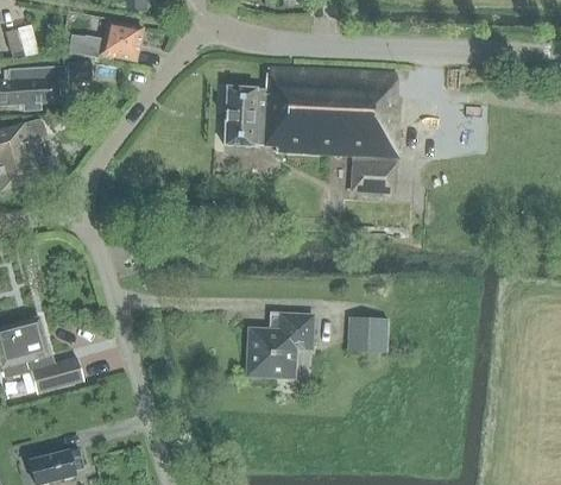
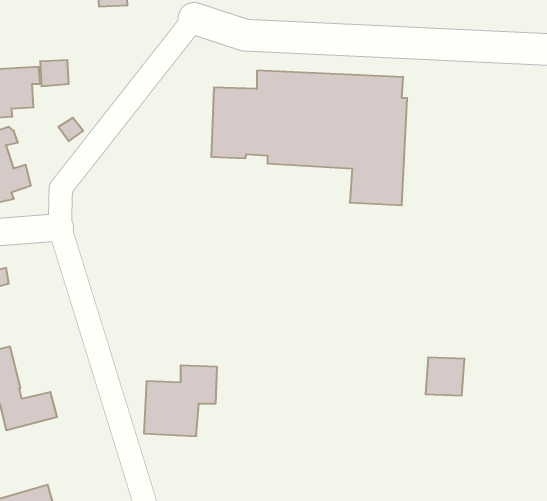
building: [67,18,143,62] -> none
building: [245,313,311,377] -> [144,365,217,436]
building: [351,316,386,351] -> [425,357,465,395]

